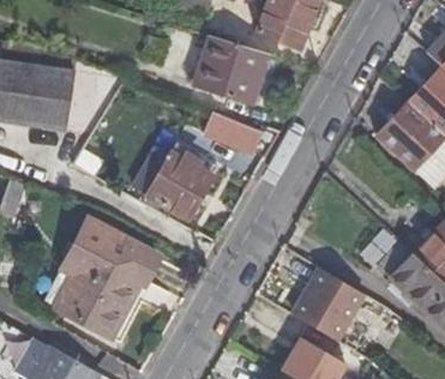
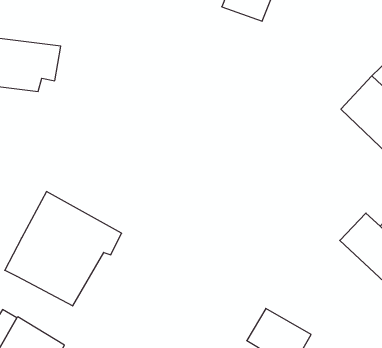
building: [192,36,266,104] -> none
building: [209,115,258,157] -> none
building: [134,149,212,221] -> none
building: [295,267,365,341] -> none

